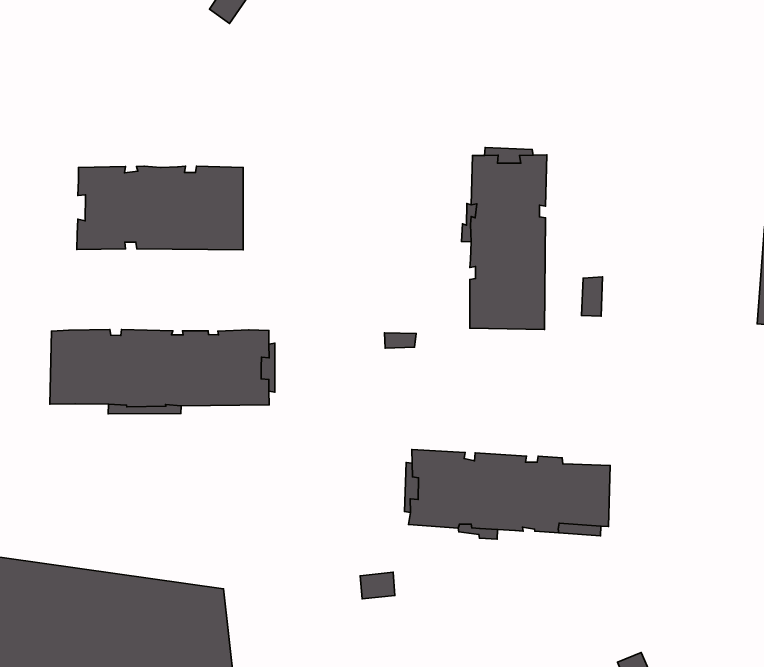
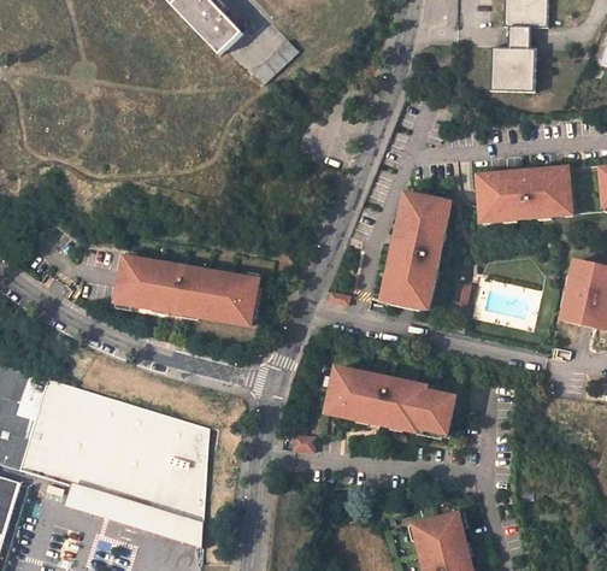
building: none -> [478,164,568,216]
building: [77,166,243,250] -> none

